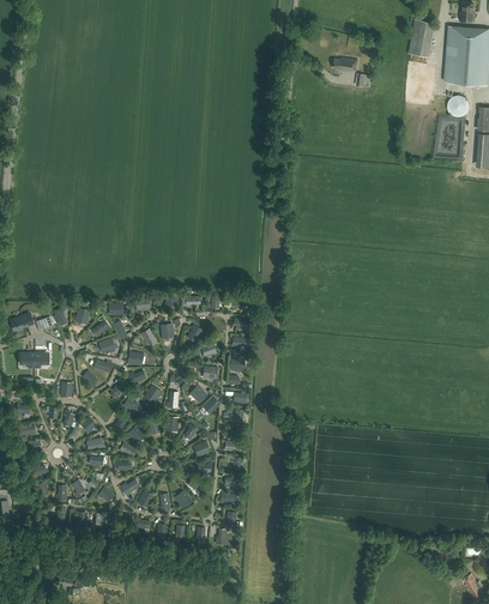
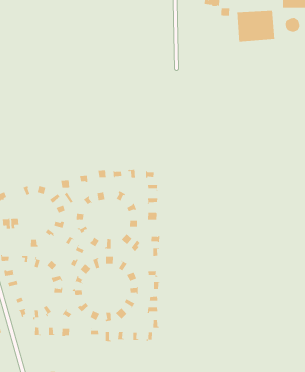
building: none -> [236,10,275,42]

